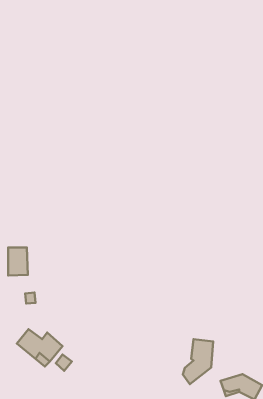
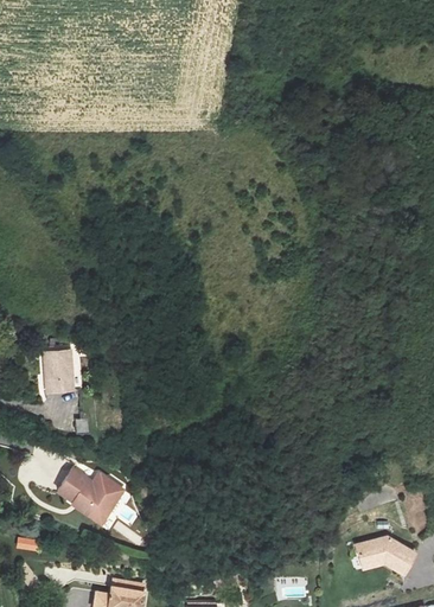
building: [183,339,213,384] -> none

